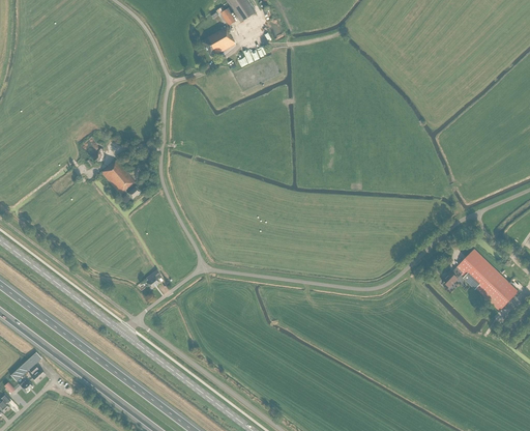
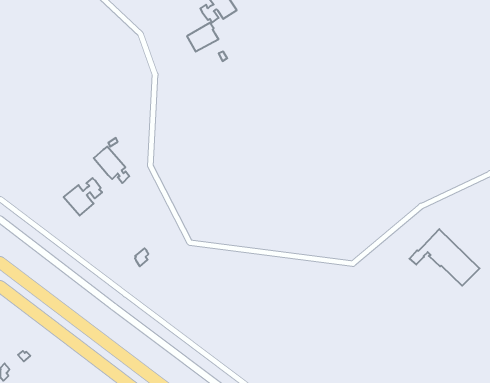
building: none -> [64,178,102,216]
building: [10,351,46,382] -> none

